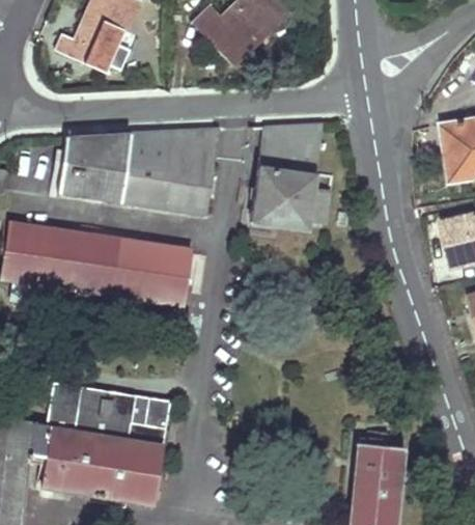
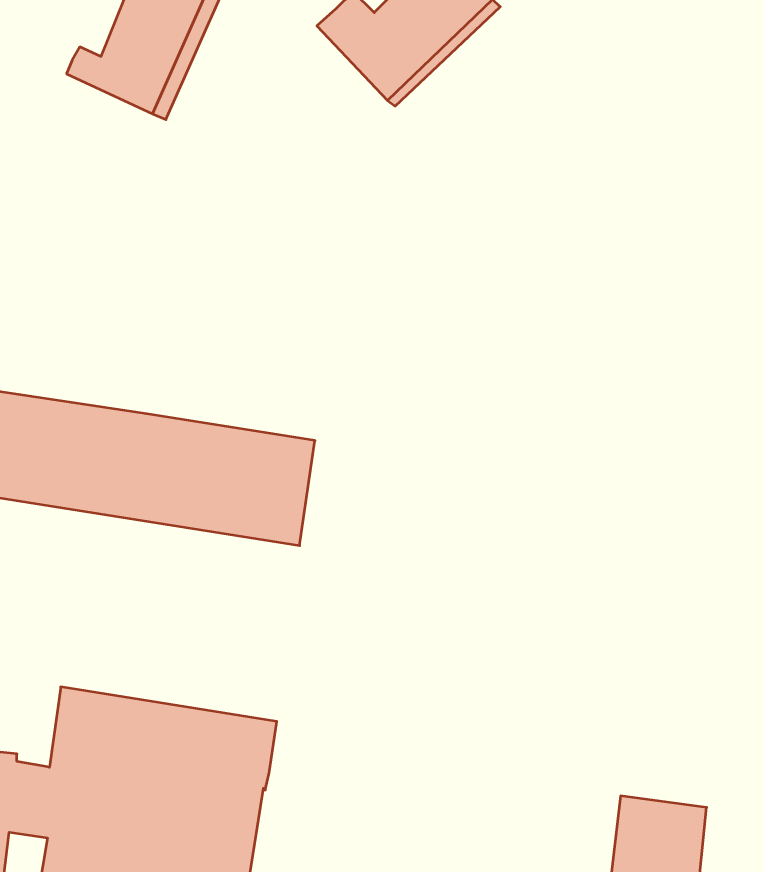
building: [251,122,332,229] -> none
building: [57,128,219,214] -> none

